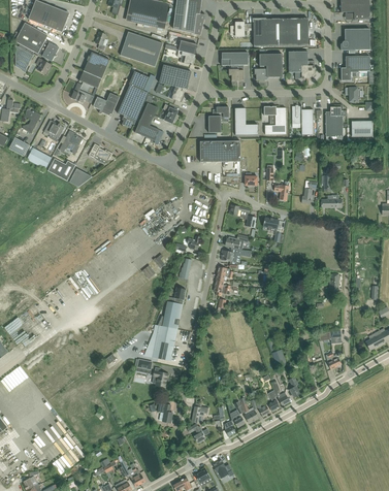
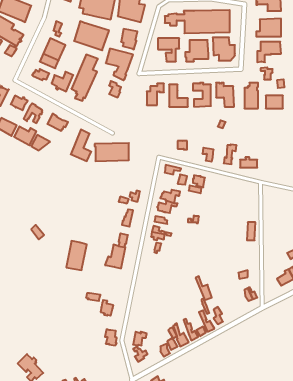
building: [135,102,160,140] -> [71,129,91,161]
building: [199,140,240,162] -> [95,143,129,161]
building: [153,325,177,360] -> [66,241,87,270]

